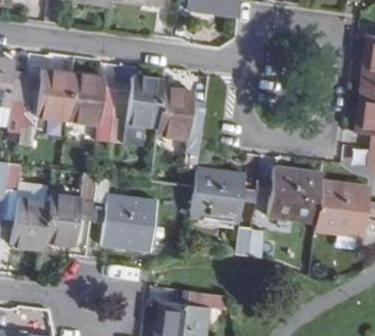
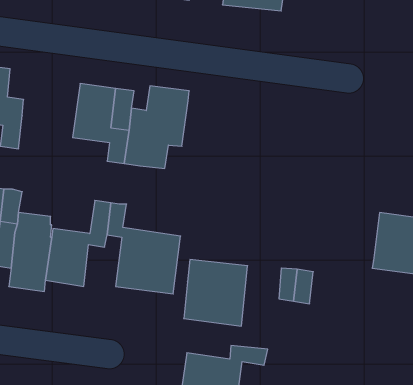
building: [18,70,72,145] -> none
building: [155,89,201,156] -> none
building: [268,166,322,222] -> none
building: [191,167,244,223] -> [184,260,248,326]

